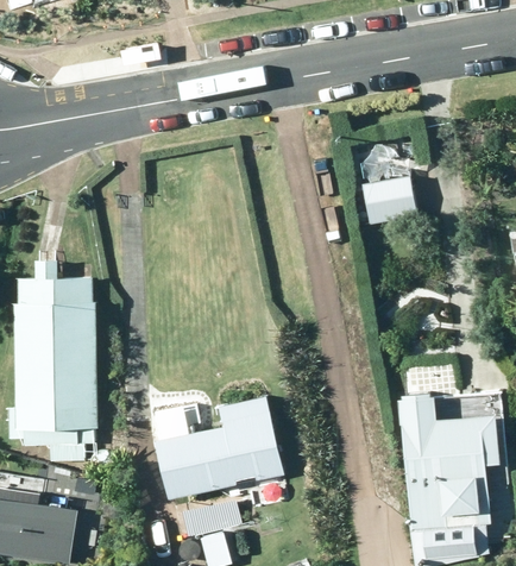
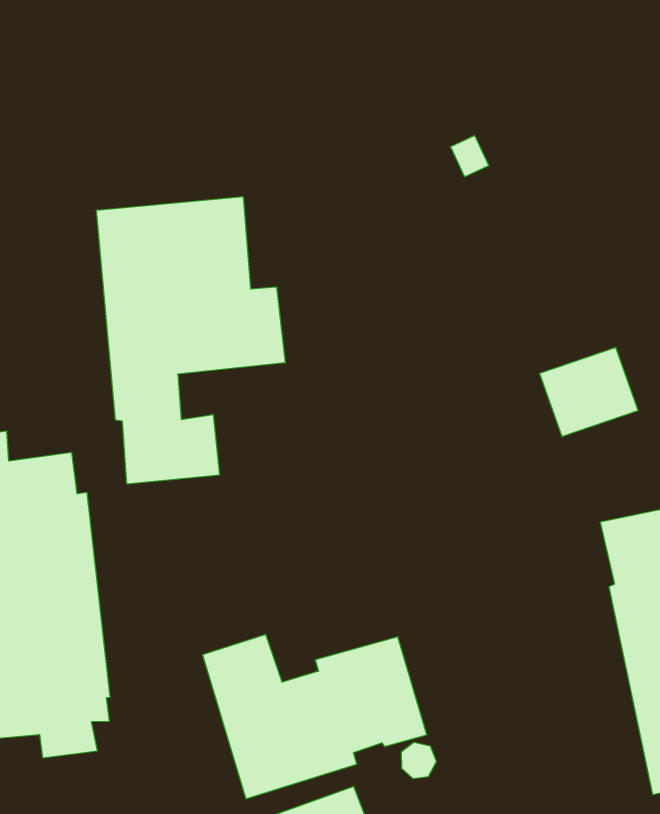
building: none -> [96,197,285,484]
building: [359,174,415,222] -> [540,347,638,437]

